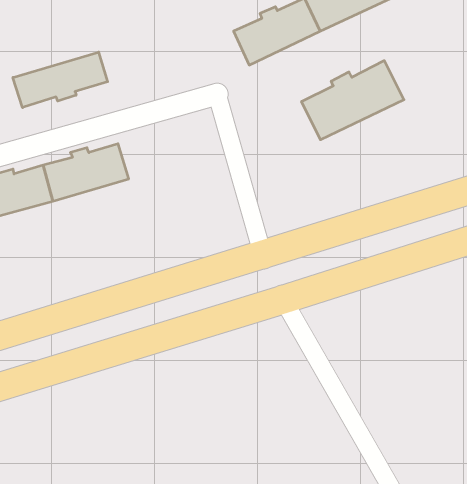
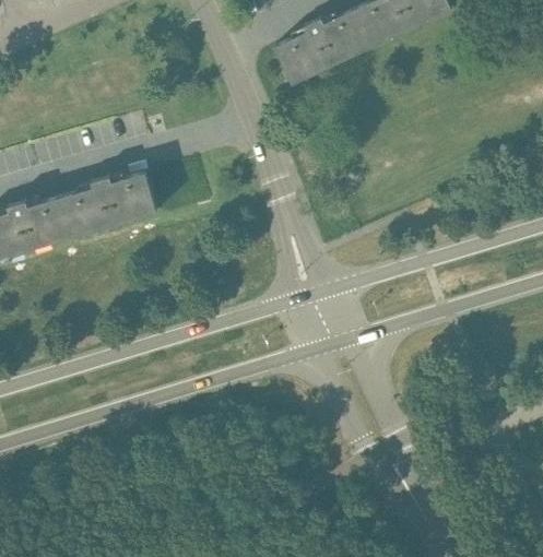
building: [13,52,108,108] -> none
building: [302,61,404,140] -> none

